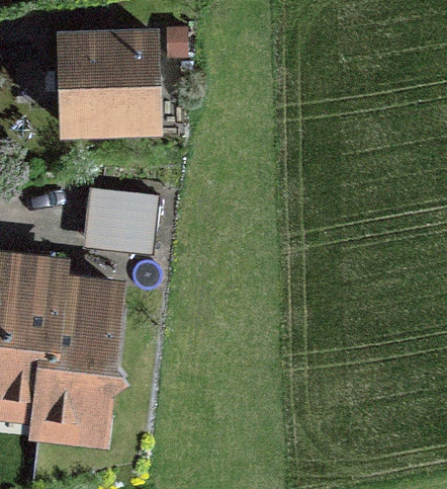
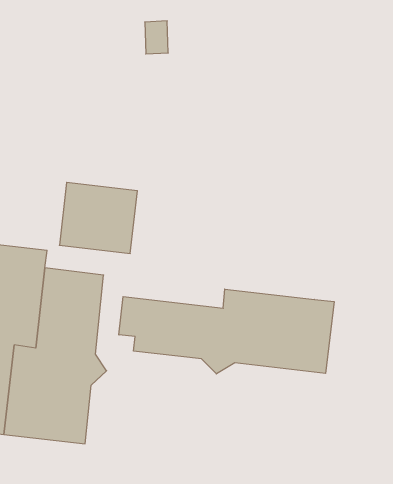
building: [56,25,164,145] -> none
building: none -> [119,289,334,374]

